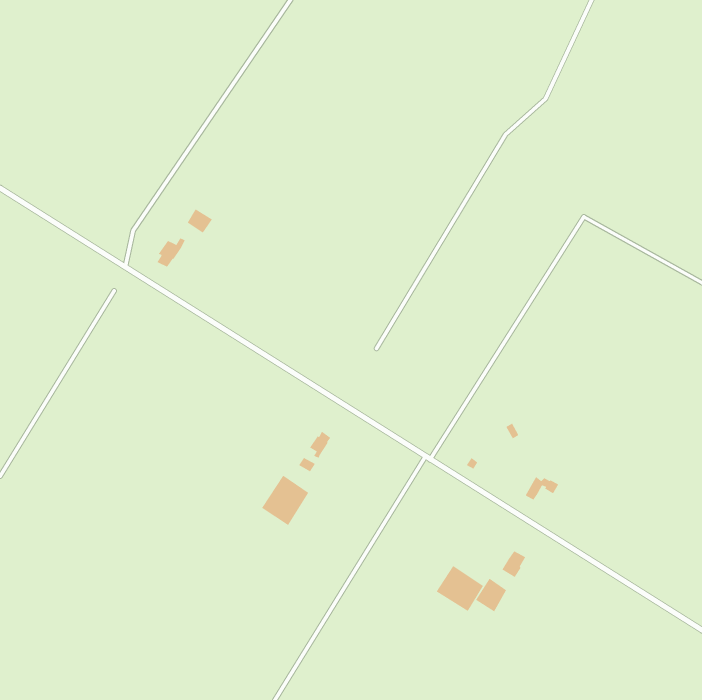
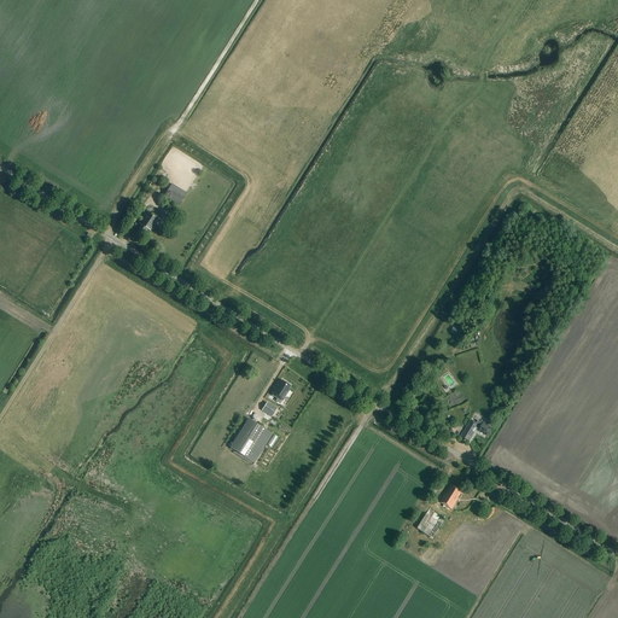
building: [436,565,484,612] -> none

